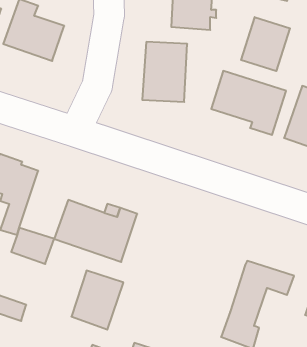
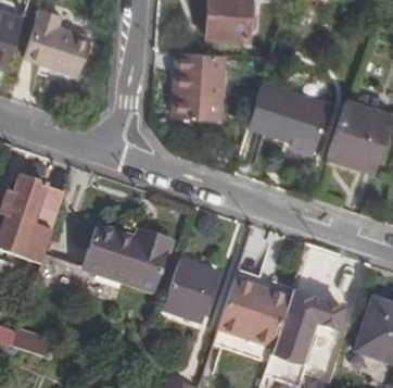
building: [241,17,290,71] -> none
building: none -> [216,277,288,347]
building: [71,271,123,330] -> [160,259,216,323]

